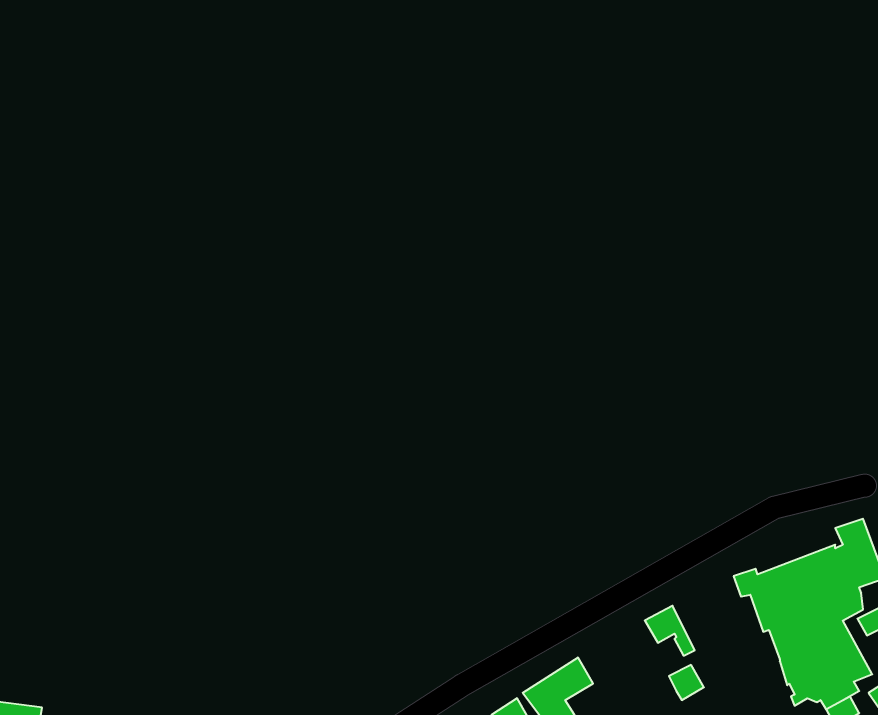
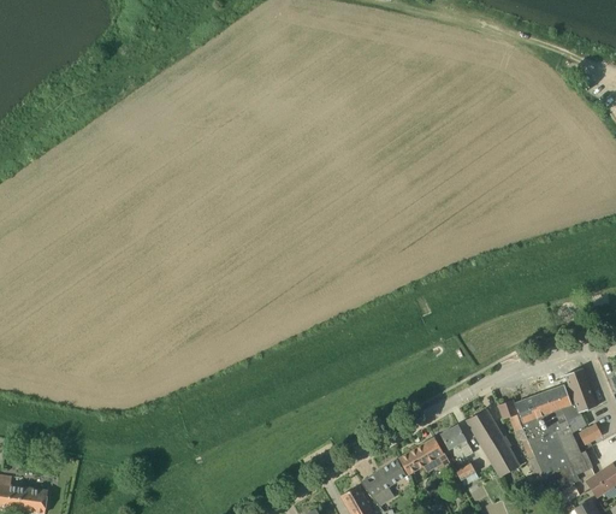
building: none -> [467,409,516,477]
building: none -> [398,437,450,473]

